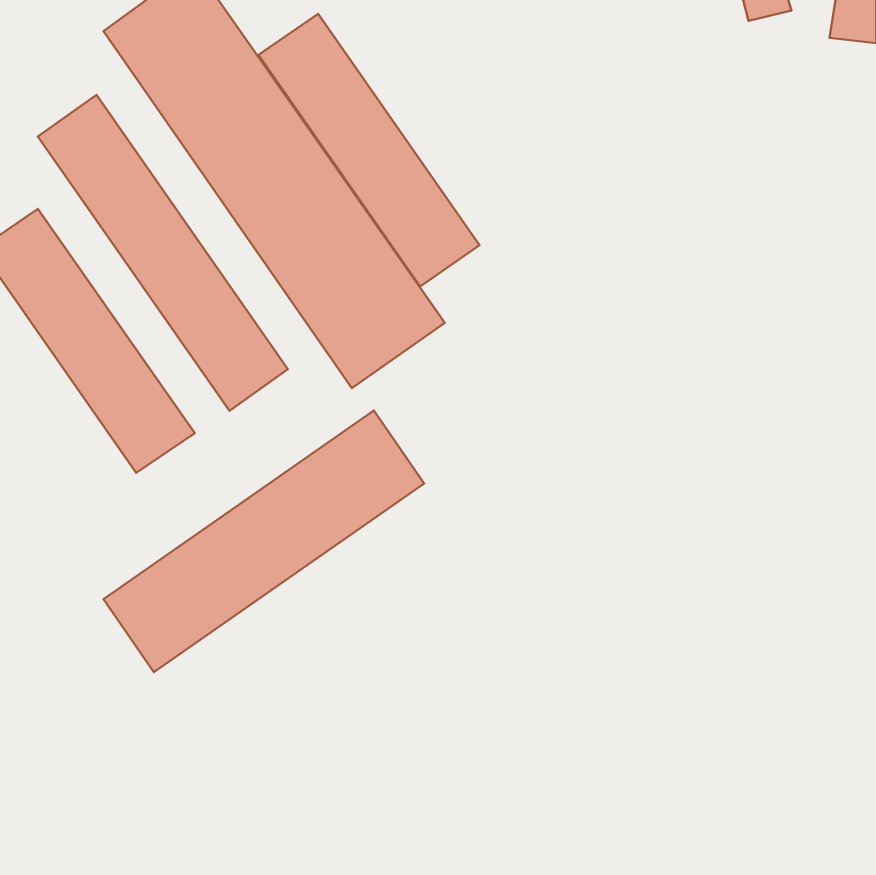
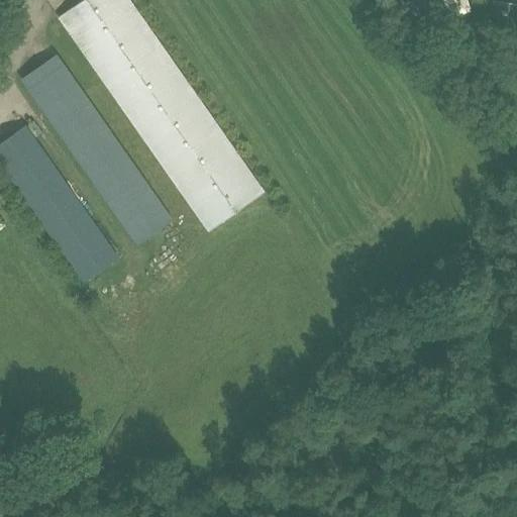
building: [259,14,480,286] -> none
building: [104,410,424,672] -> none

